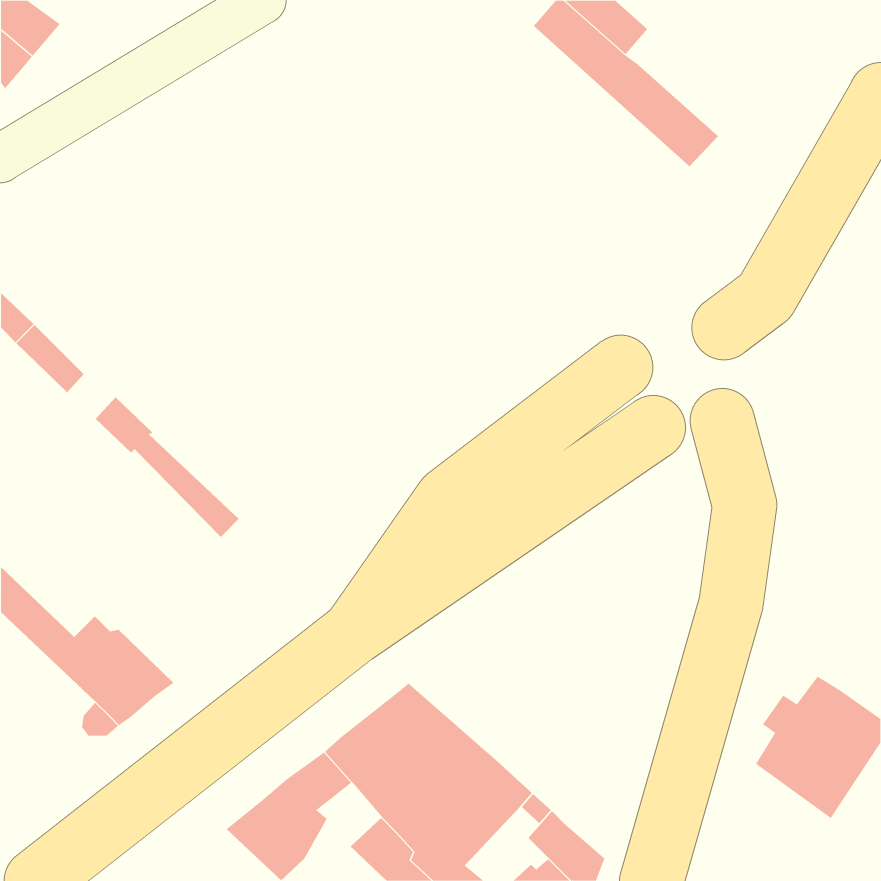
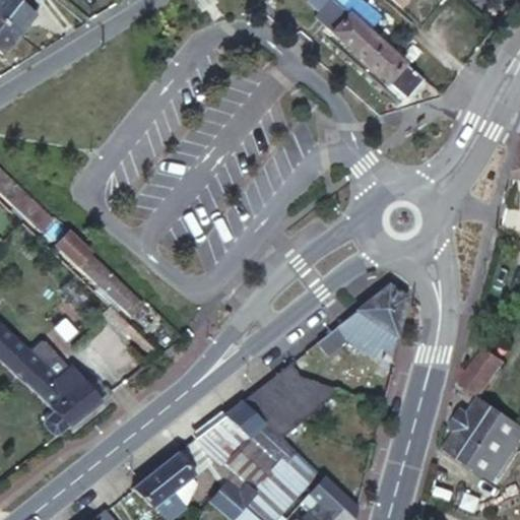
building: none -> [318,283,408,358]
building: none -> [455,349,505,398]
building: none -> [241,362,340,440]

